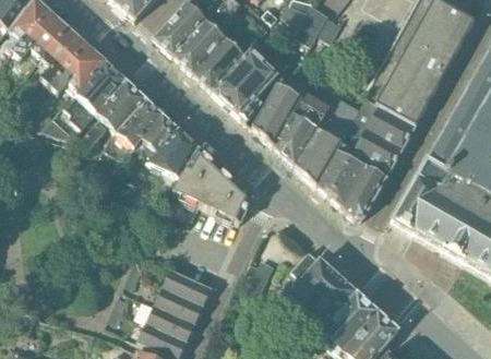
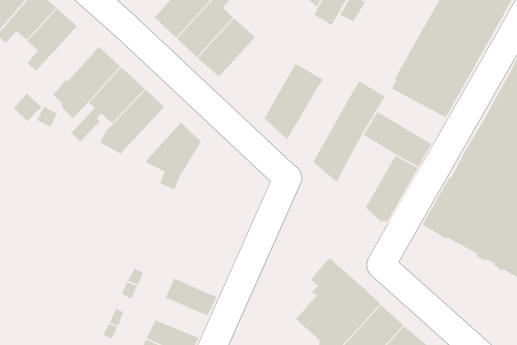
building: [213,40,284,120] -> none
building: [50,44,106,93] -> none
building: [274,92,330,165] -> none
building: [354,99,415,148] -> none
building: [132,116,179,183] -> none
building: [318,141,370,205] -> none
building: [172,146,252,222] -> none
building: [156,286,203,321] -> none

